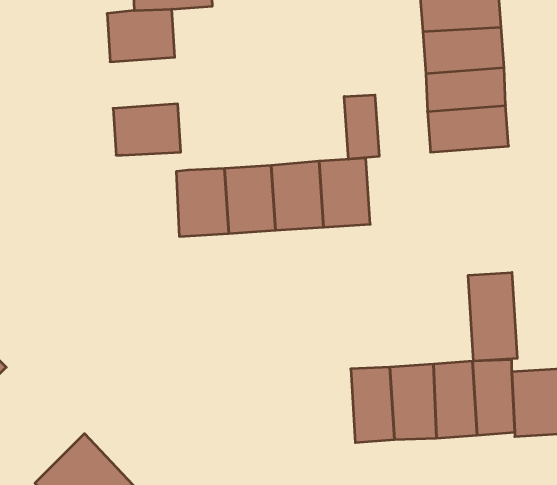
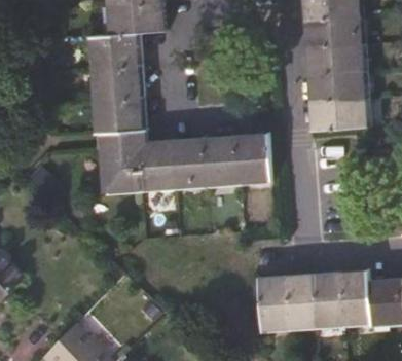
building: none -> [94,66,140,101]
building: [344,95,379,159] -> none
building: none -> [102,130,147,190]
building: [468,272,517,361] -> none

